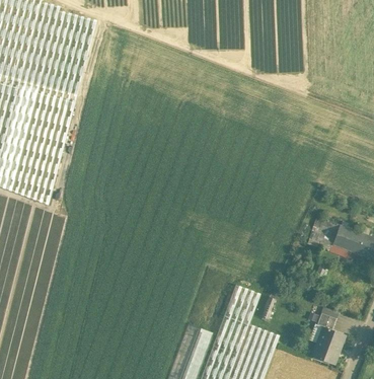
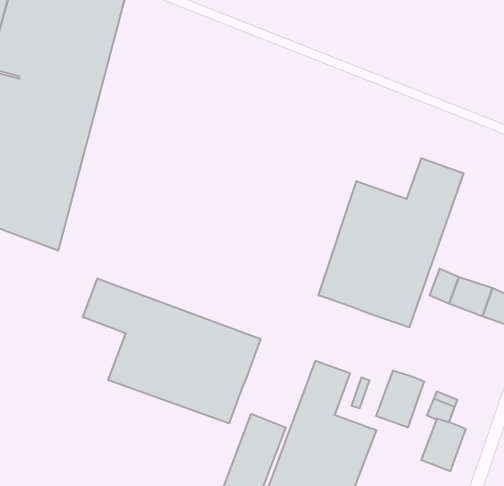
building: none -> [318,158,463,327]
building: none -> [83,278,261,423]
building: none -> [376,370,425,427]

